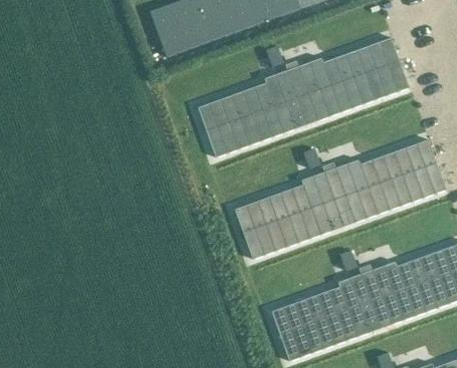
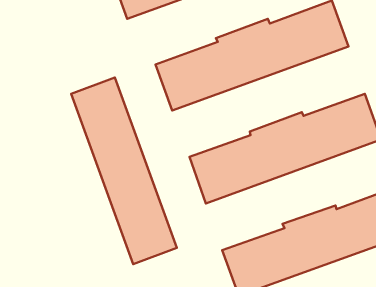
building: none -> [71,78,177,264]

